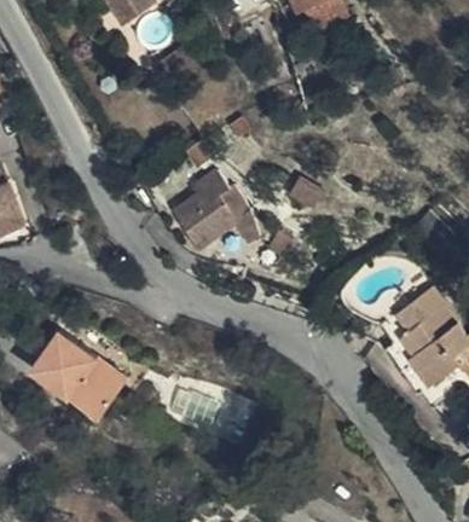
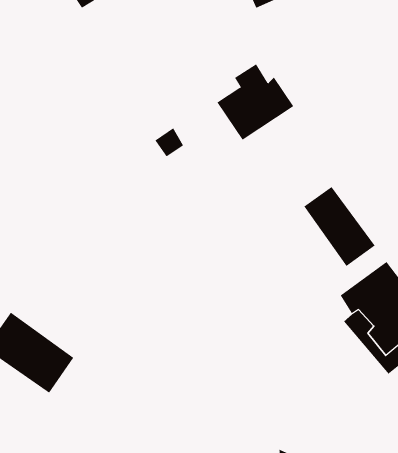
building: [185,179,265,257] -> [216,64,294,140]
building: none -> [304,186,375,267]

